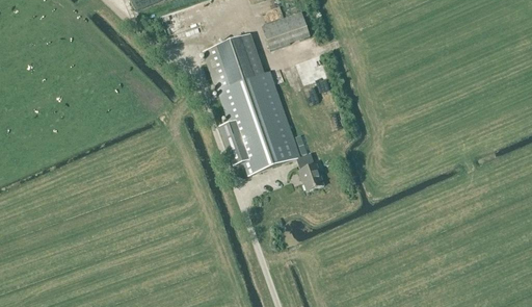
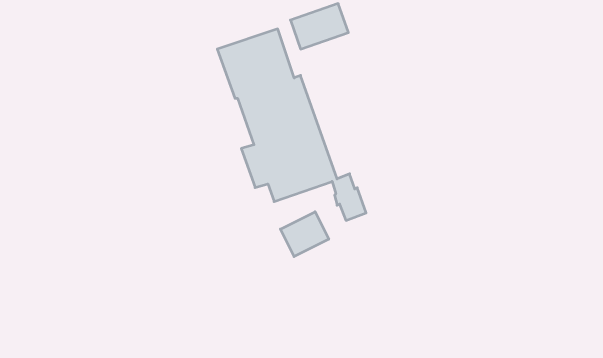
building: none -> [280,212,329,257]

